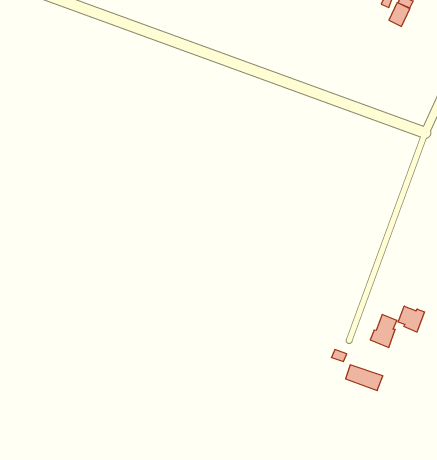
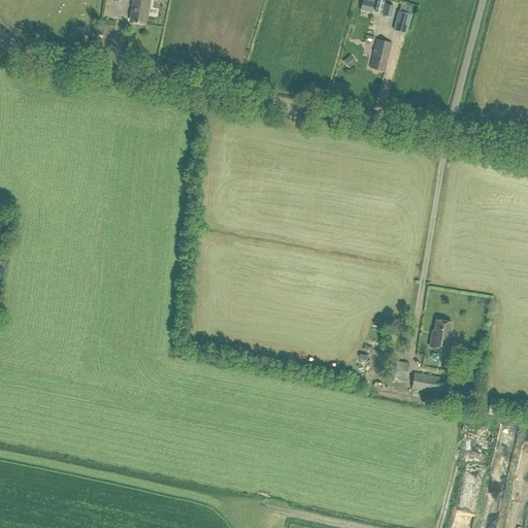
building: none -> [369,38,392,70]
building: [398,306,425,332] -> none

